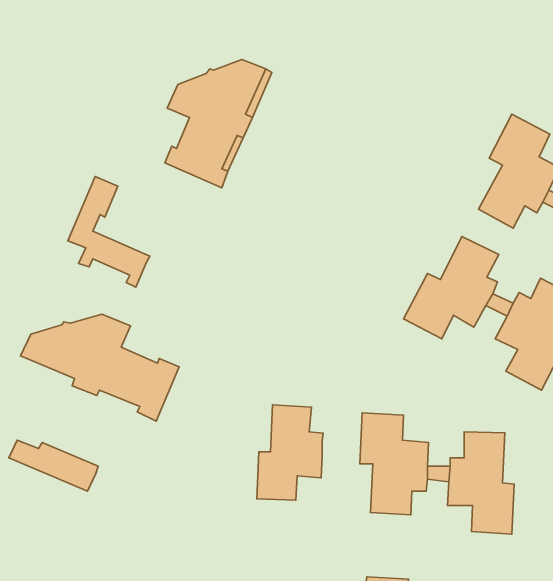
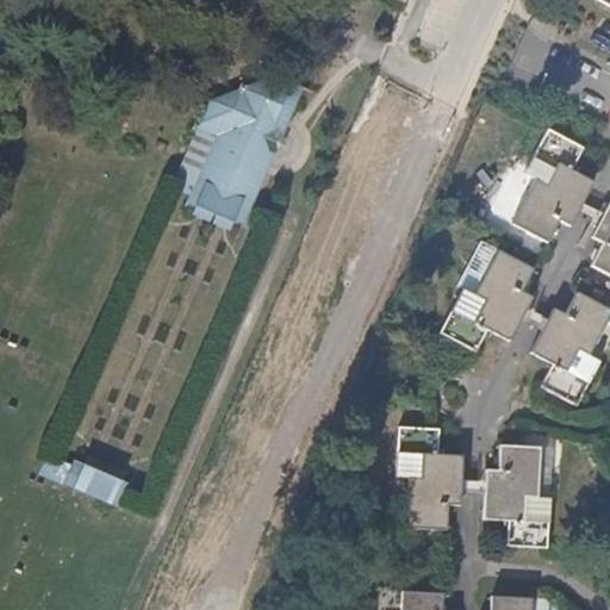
building: [68,177,150,287] -> [174,122,256,232]
building: [20,314,179,421] -> none
building: [257,405,323,500] -> none

